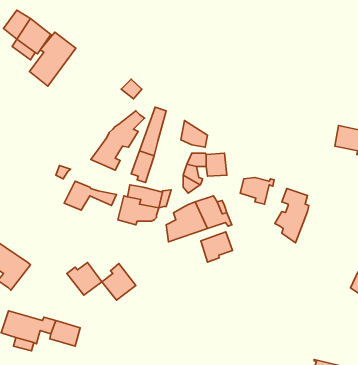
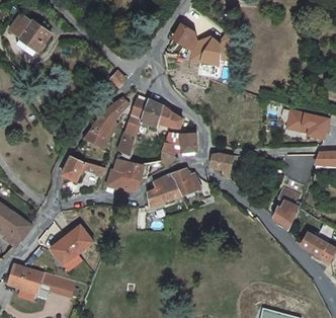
building: none -> [171,23,230,67]
building: [29,32,76,86] -> none
building: none -> [140,98,162,129]
building: [275,188,309,243] -> [272,189,301,235]
building: [201,232,232,262] -> none
building: [102,264,136,300] -> [50,234,78,264]

